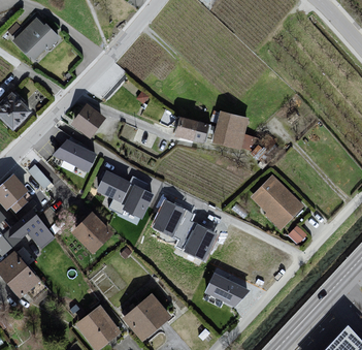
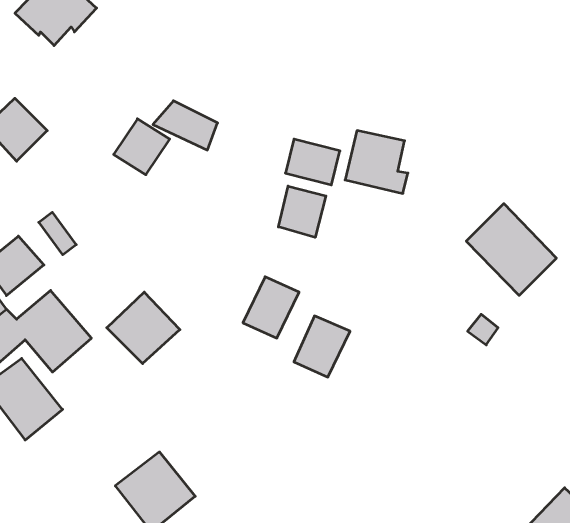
building: [54,139,93,169] -> [153,101,218,150]
building: none -> [278,186,326,237]
building: [97,171,128,199] -> none
building: [249,174,303,230] -> [466,204,556,295]
building: [123,185,151,215] -> none
building: [202,272,248,307] -> none
building: [124,293,172,341] -> none

